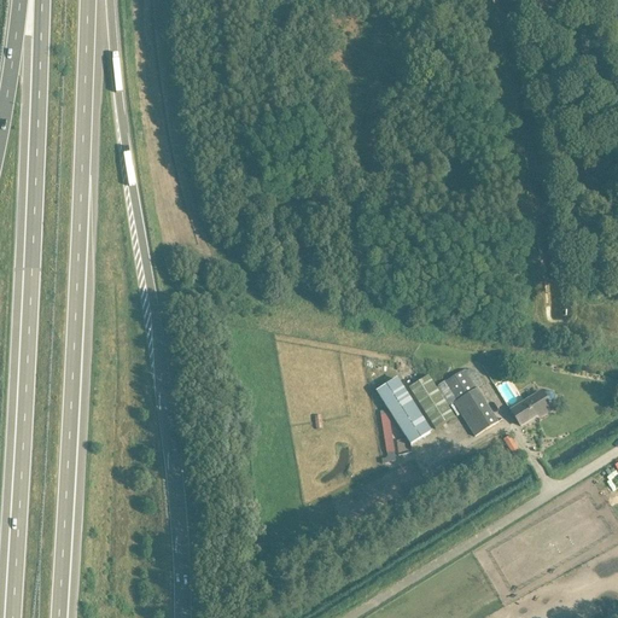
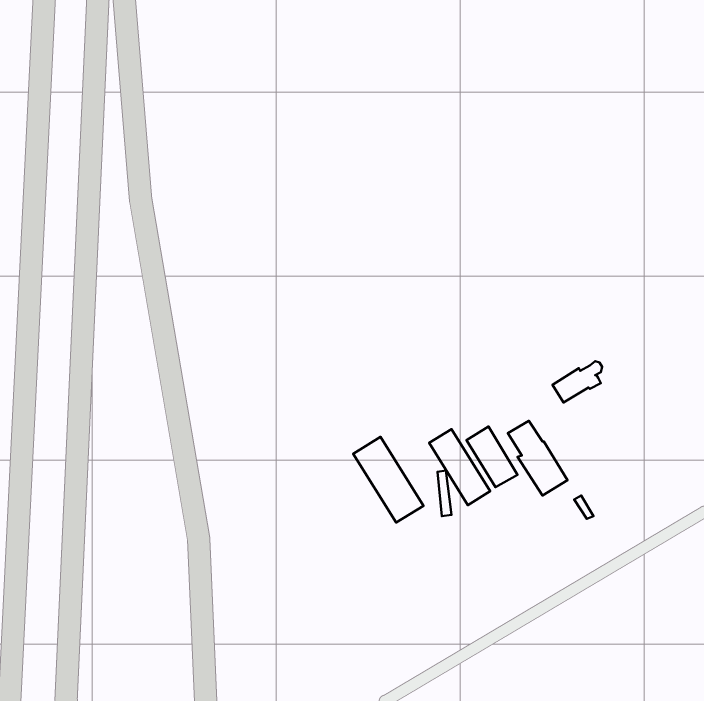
building: none -> [353,437,423,523]
building: [509,387,553,424] -> [552,361,602,403]

